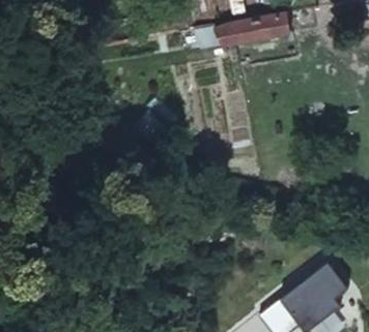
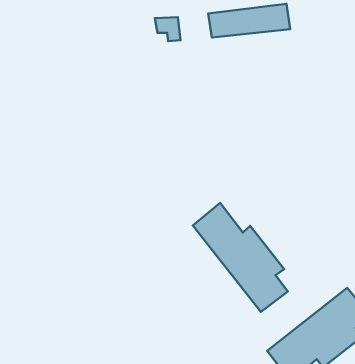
building: none -> [193,203,288,312]

